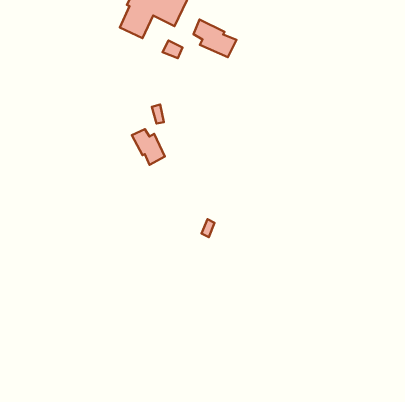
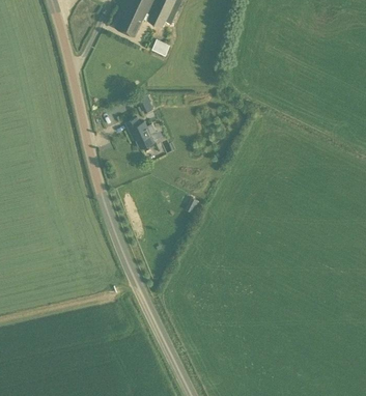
building: [193,20,236,57] -> none

